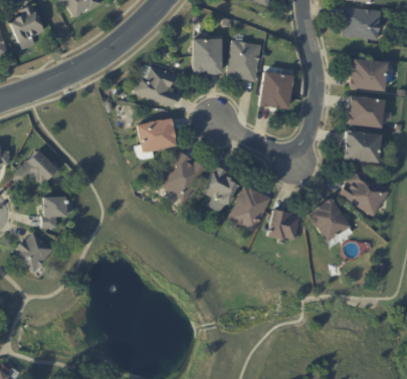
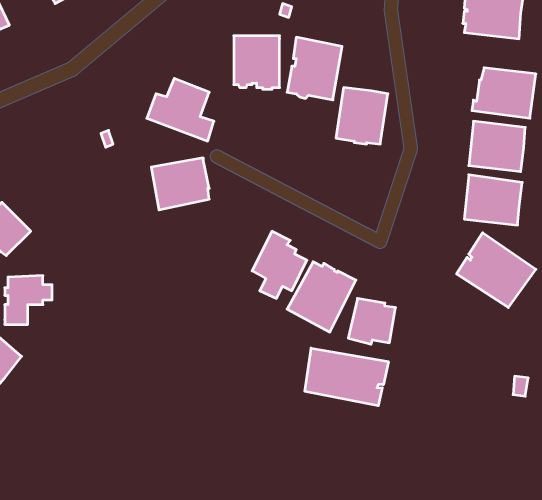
building: [159,151,206,202] -> none
building: [308,198,350,243] -> none
building: none -> [305,348,388,406]

